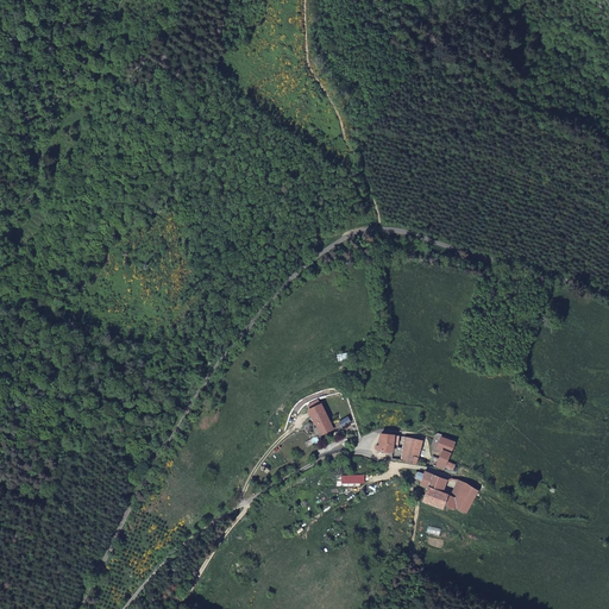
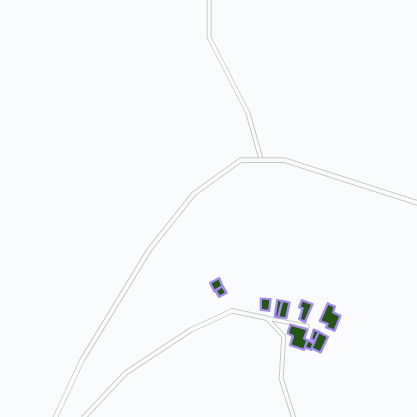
building: none -> [320,303,340,331]

